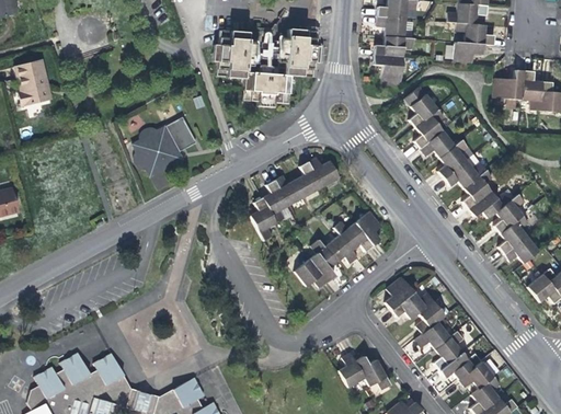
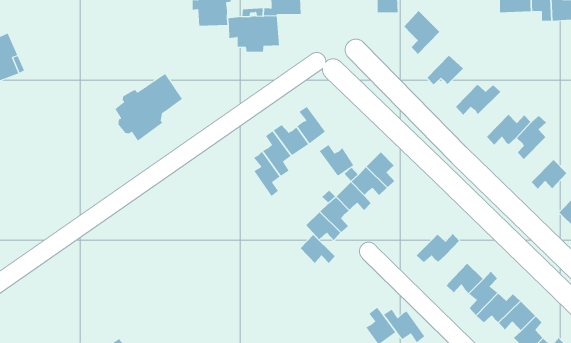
building: [414,107,445,148] -> none
building: [437,138,468,177] -> none
building: [308,156,339,186] -> [319,144,354,177]
building: [461,169,493,208] -> none
building: [497,215,529,254] -> none
building: [385,276,413,309] -> none
building: none -> [300,234,335,264]
building: [416,300,445,333] -> none

